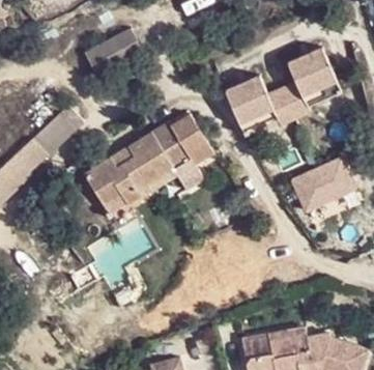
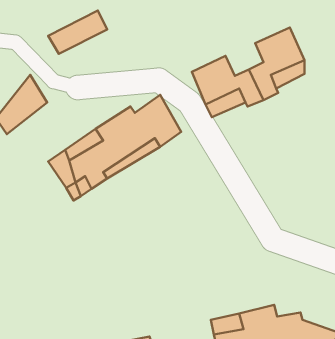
building: [290,160,354,215] -> none

